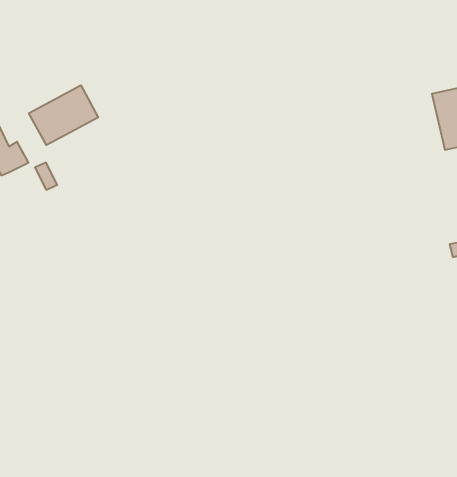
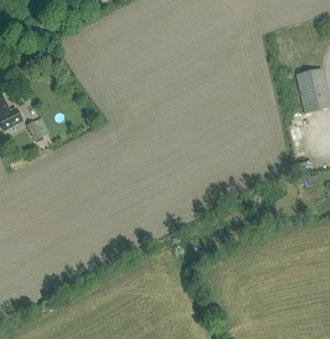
building: [29,85,98,145] -> none

